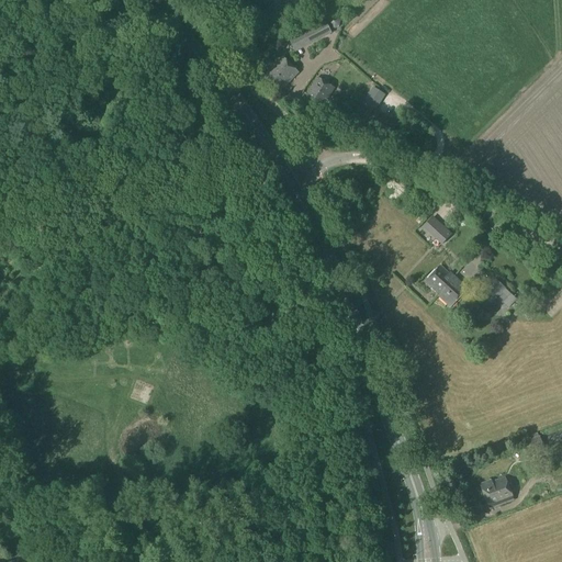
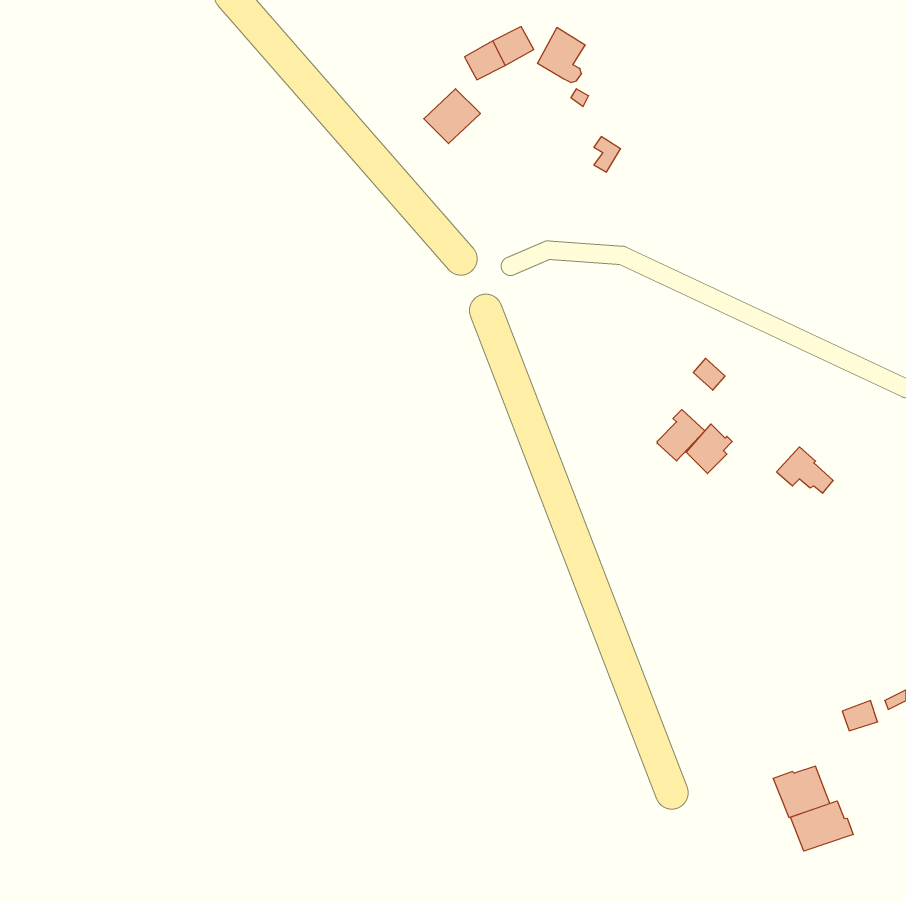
building: [304,75,334,109] -> [537,28,585,83]
building: [438,273,468,305] -> [657,410,705,461]
building: none -> [791,801,853,851]

